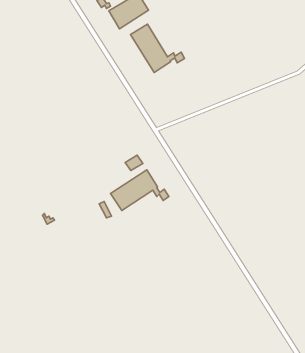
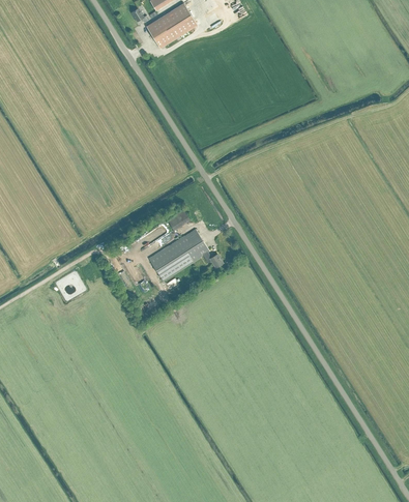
building: [131,24,185,73] -> none

